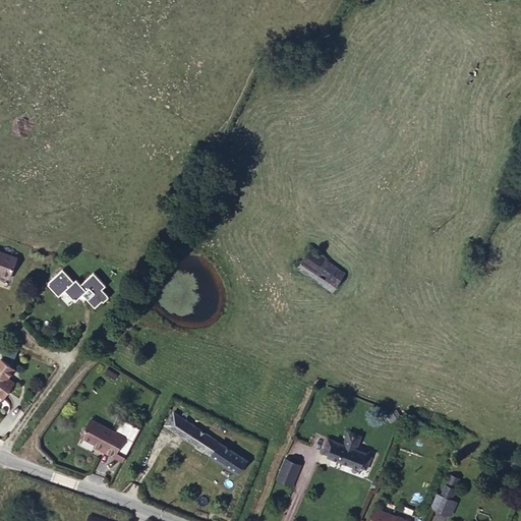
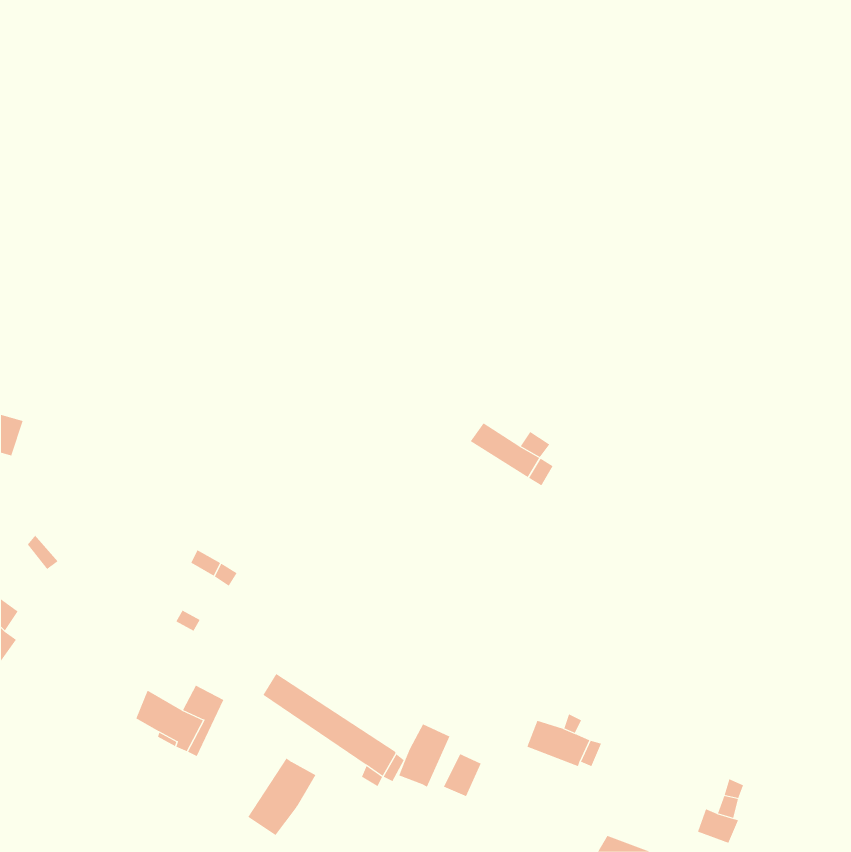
building: [47,267,113,304] -> none
building: none -> [398,724,450,787]
building: none -> [247,757,316,836]

